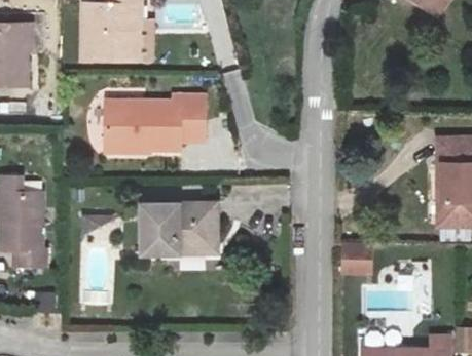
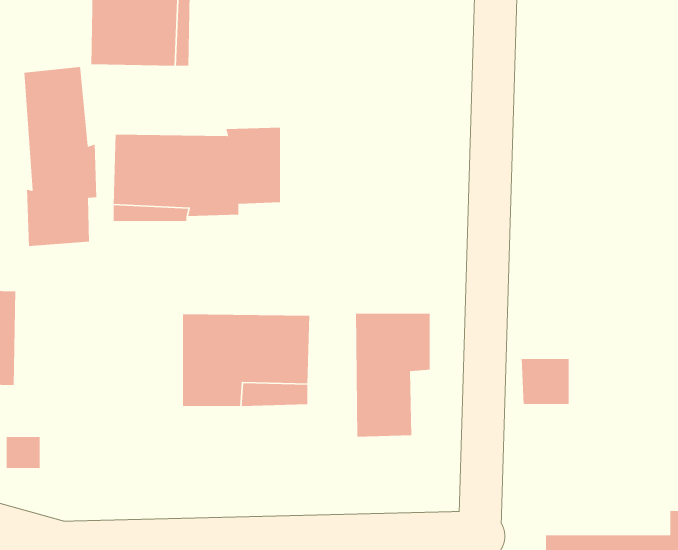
building: none -> [23,66,97,247]
building: none -> [355,313,430,438]

